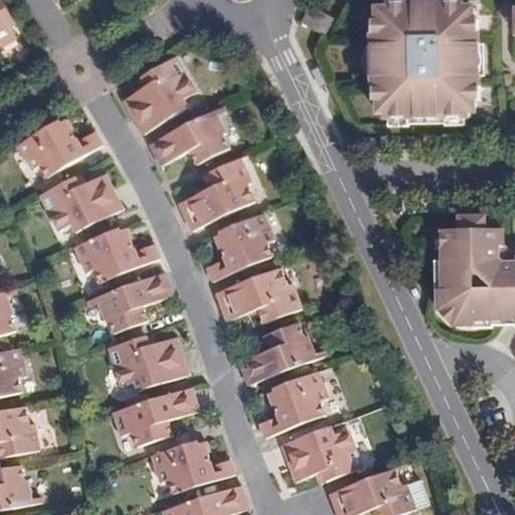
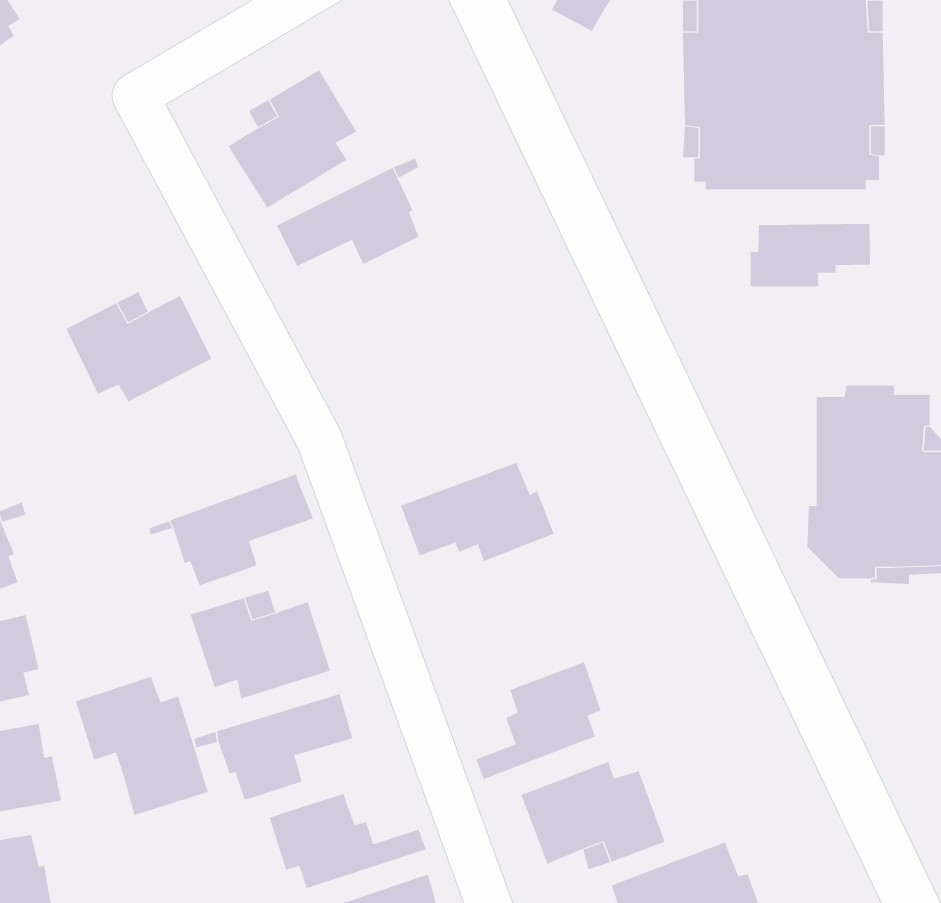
building: [15,124,103,181] -> none
building: none -> [750,223,870,287]
building: [184,155,253,223] -> none
building: [206,210,275,279] -> none
building: [71,230,156,283] -> none
building: [245,320,313,384] -> none
building: none -> [75,676,209,816]

